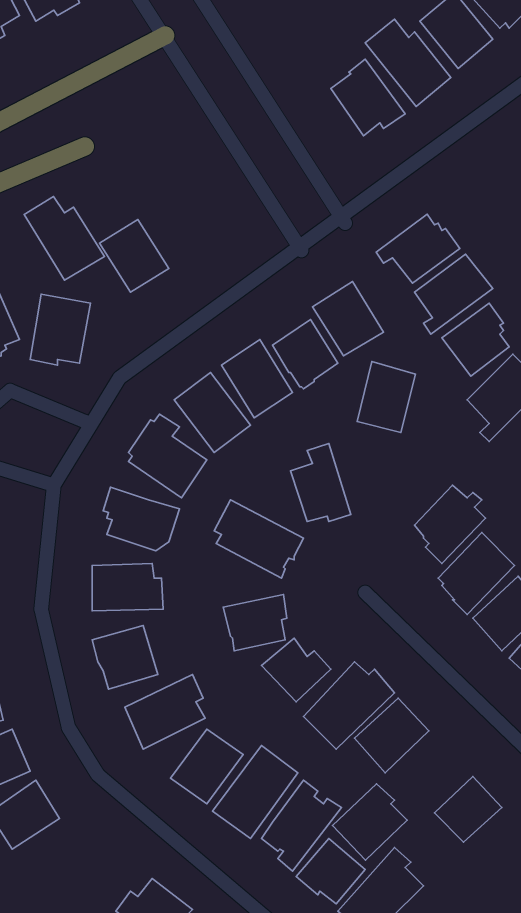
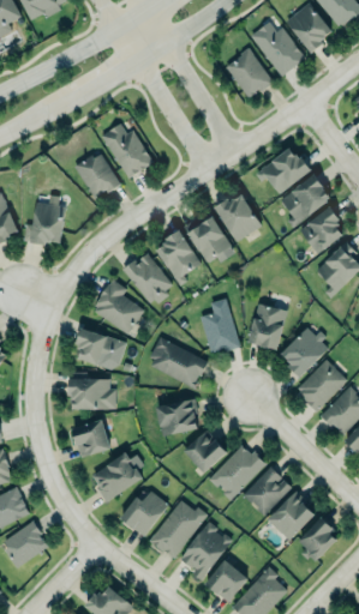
building: [24,196,104,280] -> [100,122,152,177]
building: [357,362,415,433] -> [247,302,286,349]
building: [333,784,407,860] -> [267,490,316,541]

